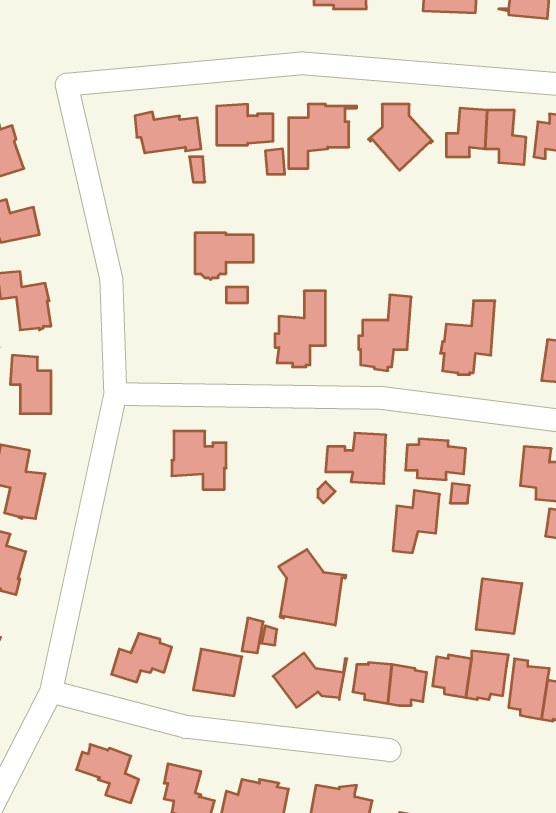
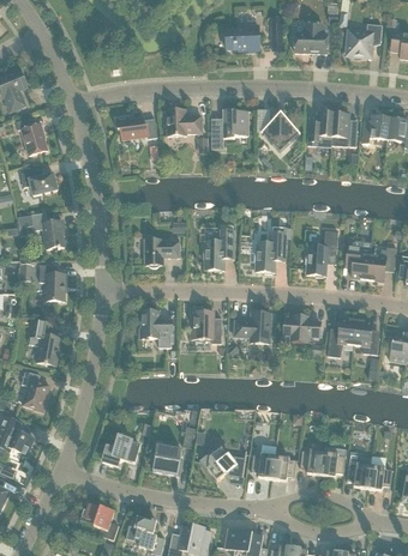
building: [195,233,253,280] -> [143,238,179,267]
building: none -> [344,244,370,279]
building: none -> [190,310,221,343]
building: [393,490,440,553] -> [326,318,355,356]
building: [279,549,346,625] -> none
building: [476,579,522,634] -> none

